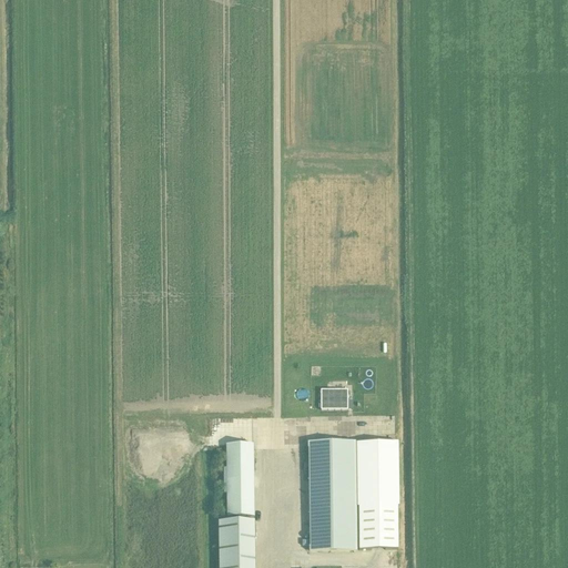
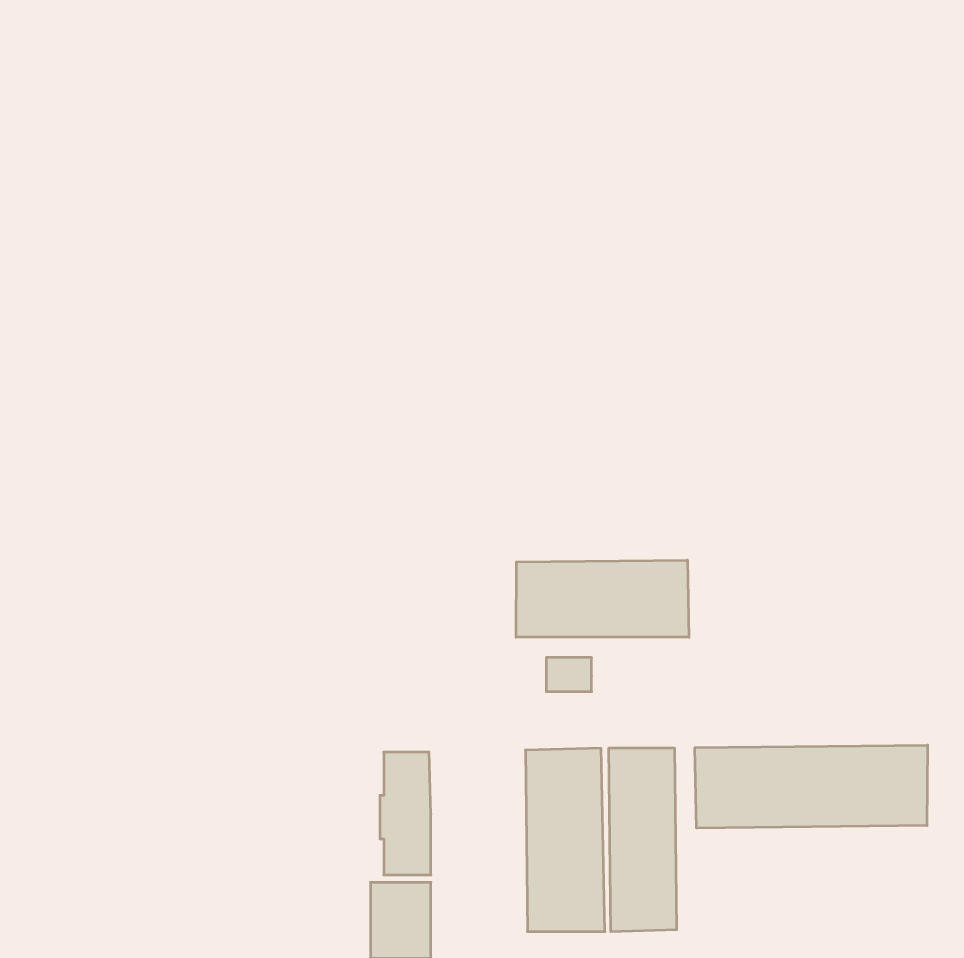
building: none -> [516,560,689,637]
building: none -> [695,745,928,828]

